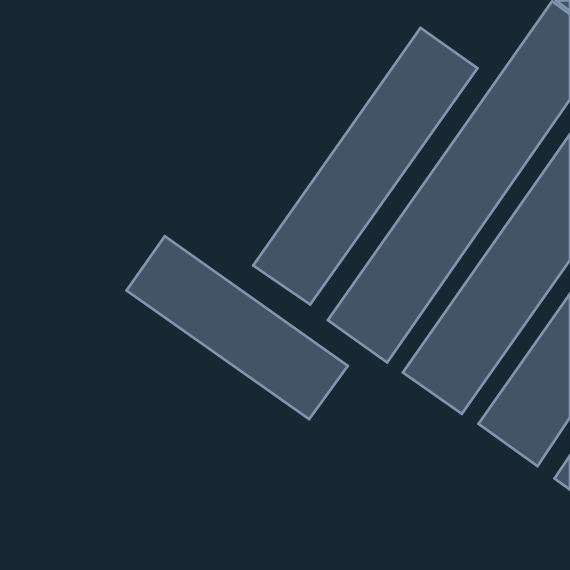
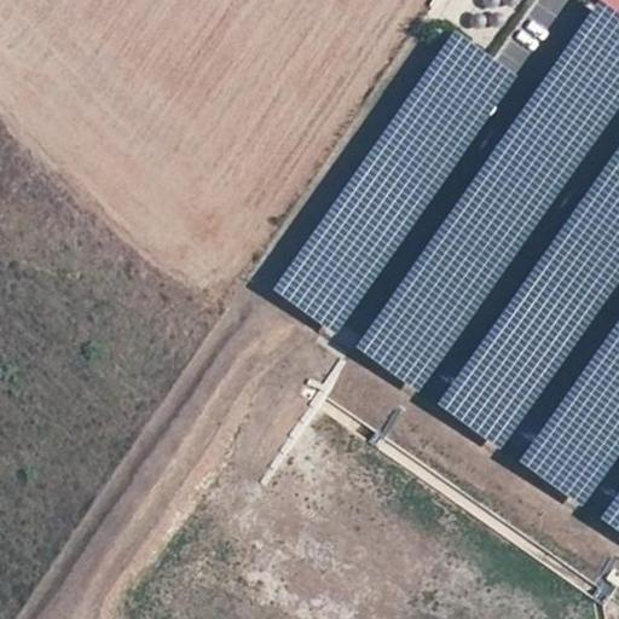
building: [126,236,348,419] -> none

